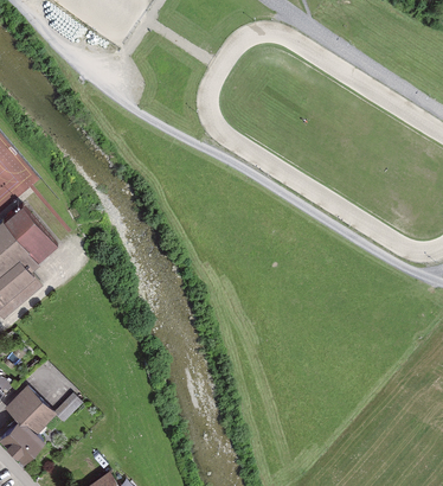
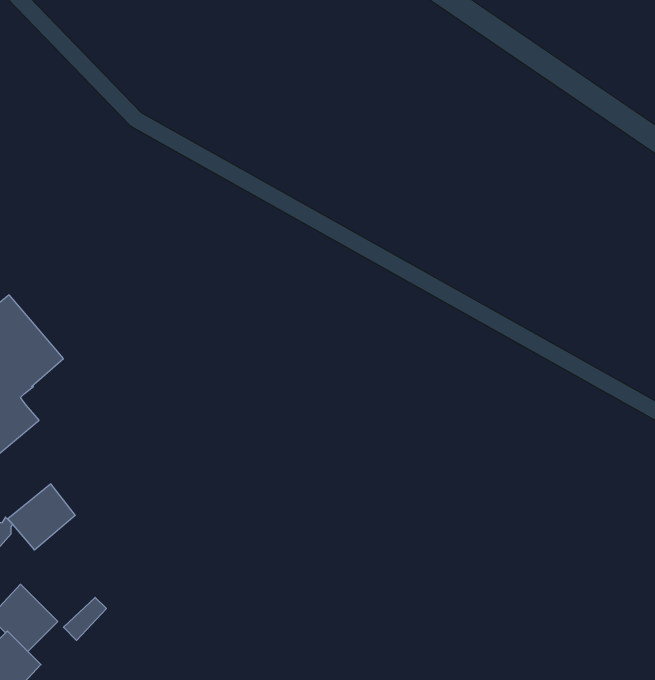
building: none -> [8,484,75,550]

